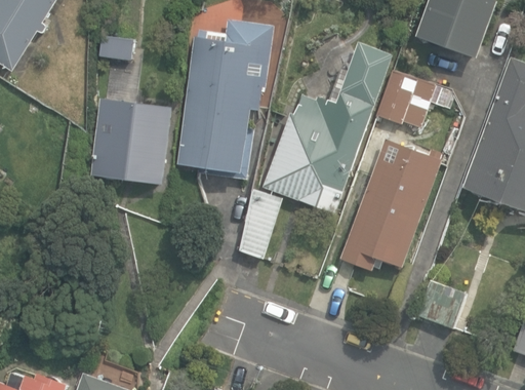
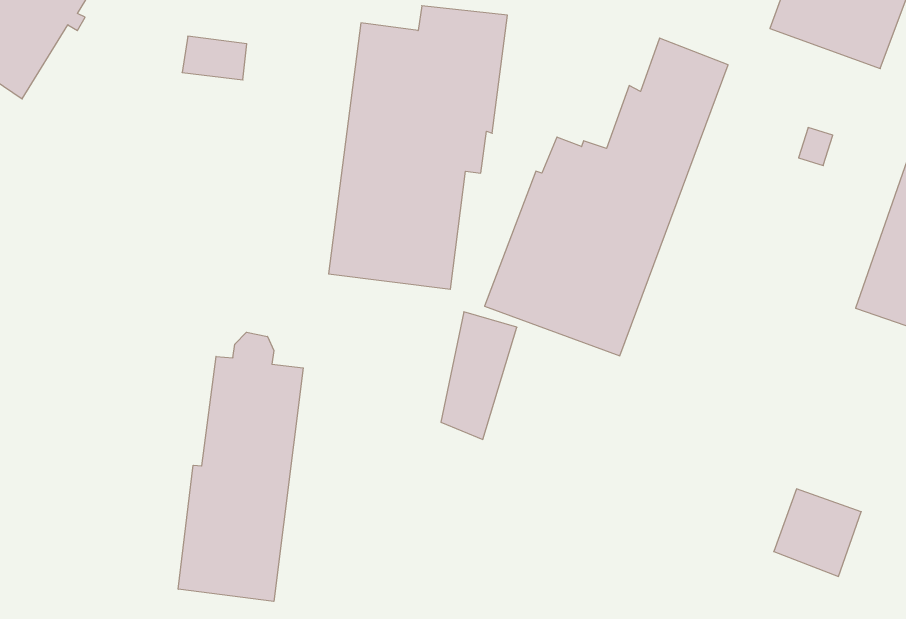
building: [376,70,434,126] -> none
building: [91,101,174,187] -> none
building: [338,137,440,268] -> none
building: none -> [178,332,303,601]

